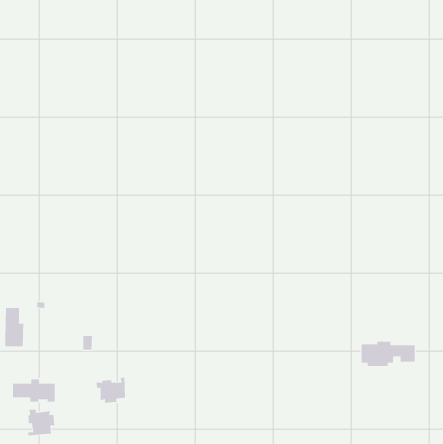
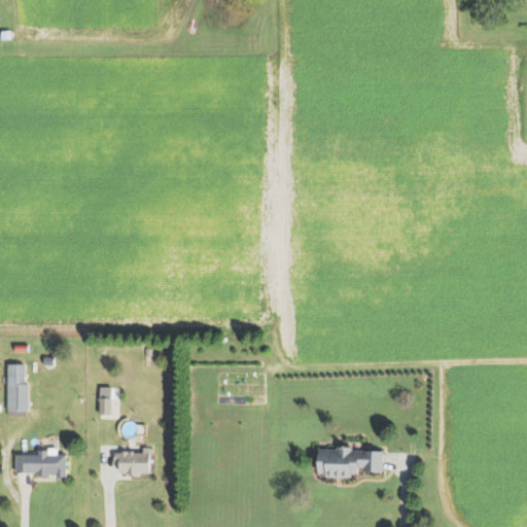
building: [361,341,415,367] -> [317,447,382,477]
building: [28,409,55,436] -> none

